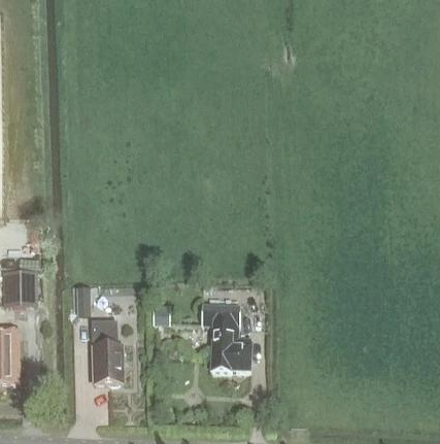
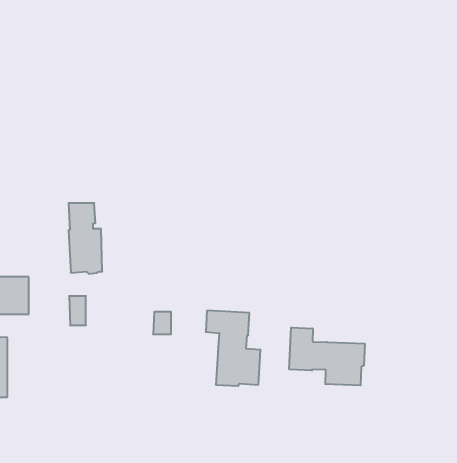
building: none -> [289,327,365,385]
building: [92,320,123,385] -> [69,203,102,274]

